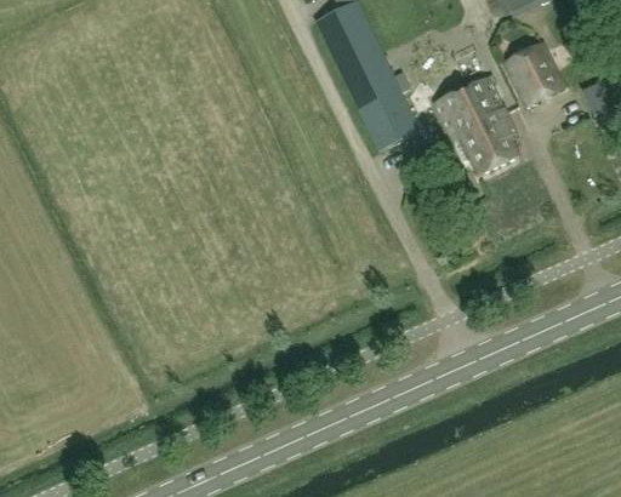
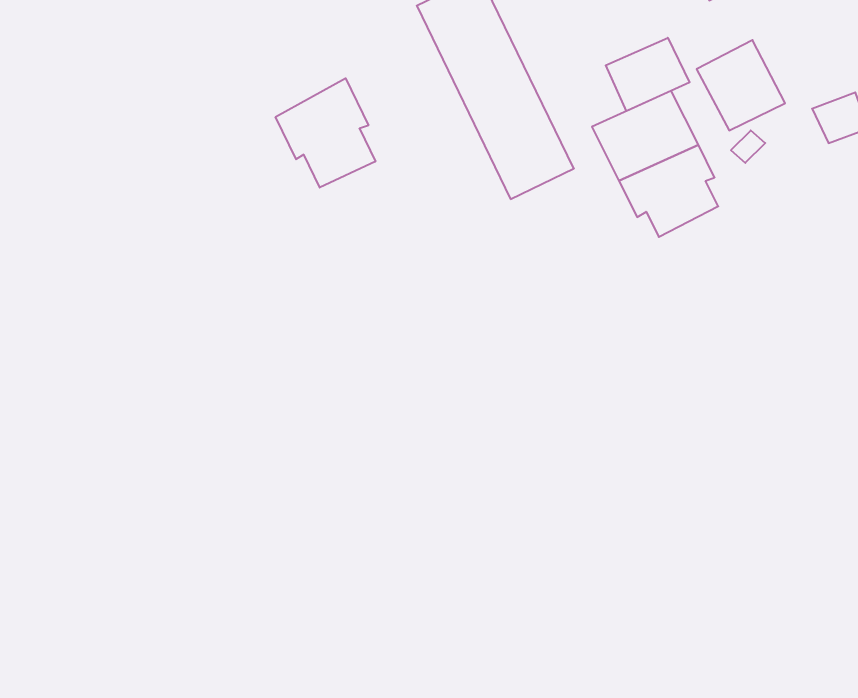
building: none -> [606,38,690,111]
building: none -> [276,78,375,188]

